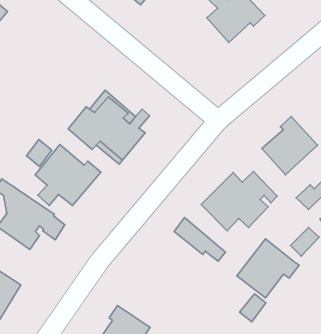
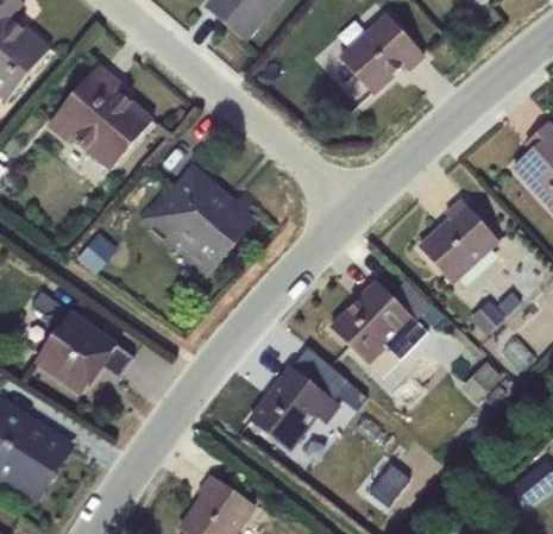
building: none -> [46,64,152,171]
building: [35,145,101,206] -> none
building: [237,239,299,298] -> [250,366,340,452]

